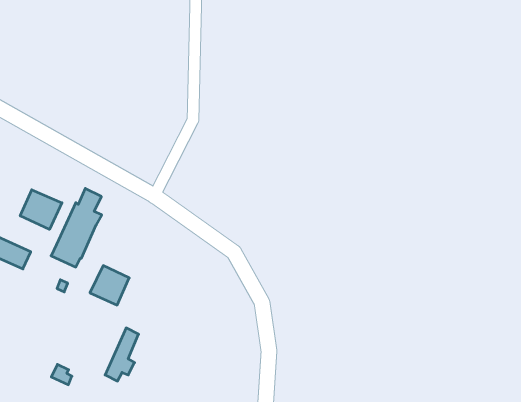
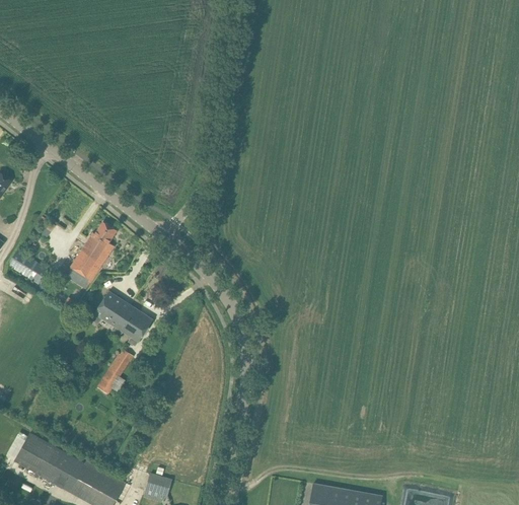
building: [20,190,62,229] -> none
building: none -> [116,306,152,343]

